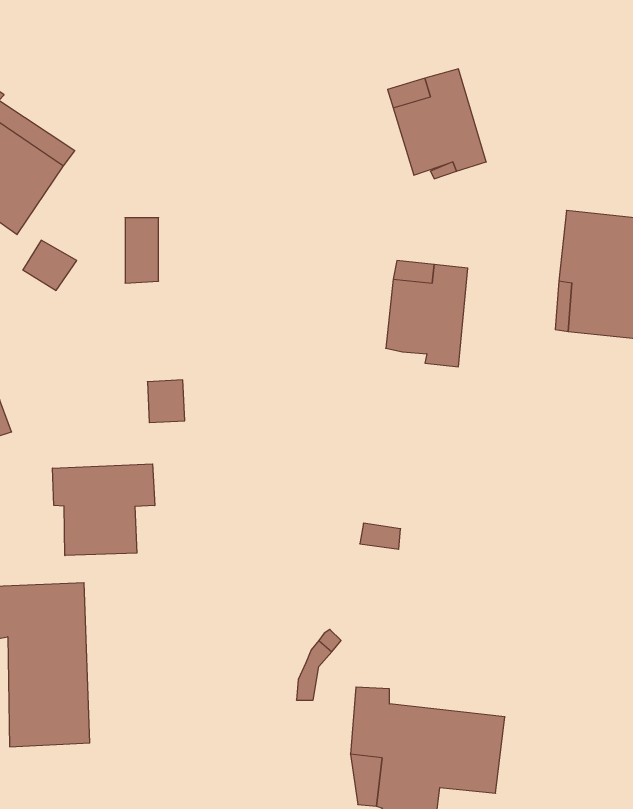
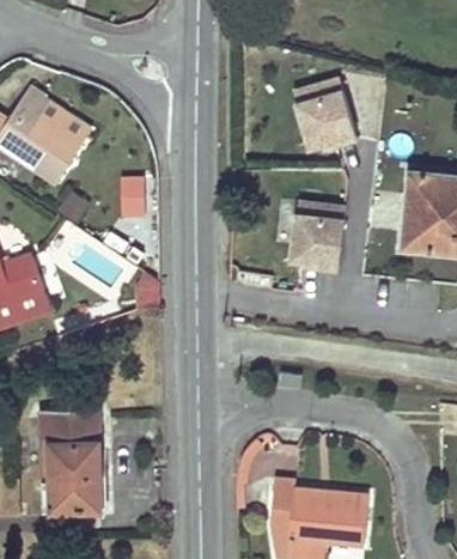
building: [53,464,155,556] -> none

